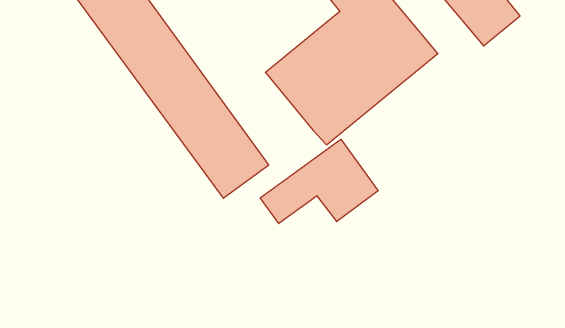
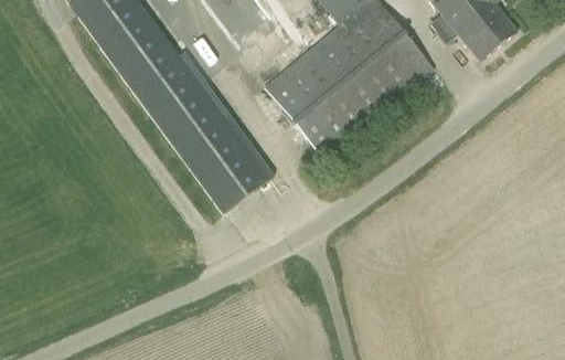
building: [260,139,378,224] -> none

